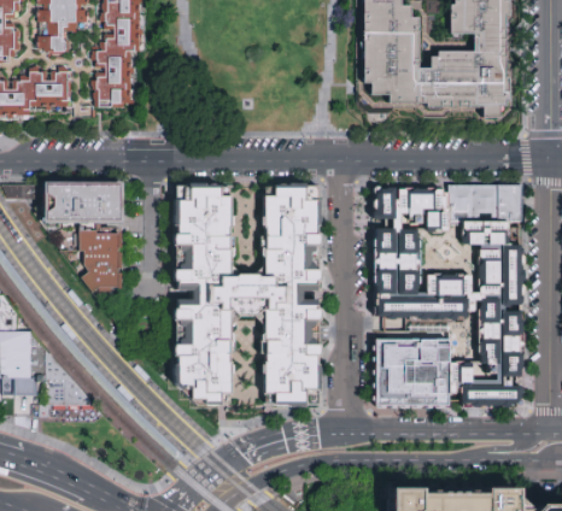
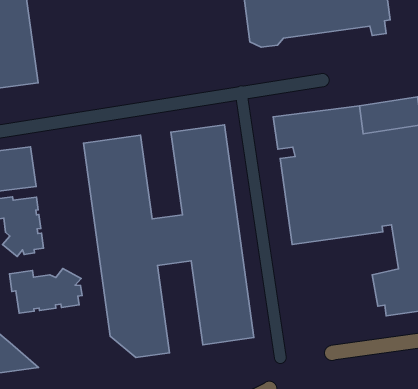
building: none -> [9,269,82,313]
building: [379,340,451,406] -> none

